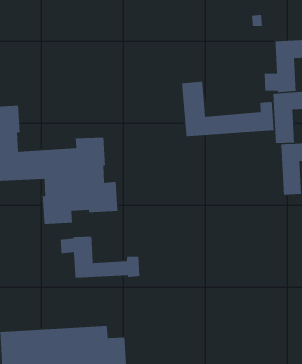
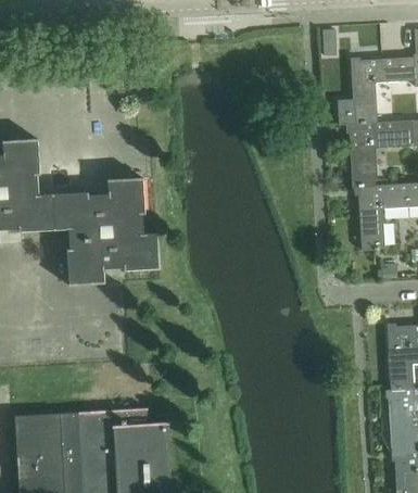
building: [181,81,275,137] -> none
building: [60,236,140,281] -> none

